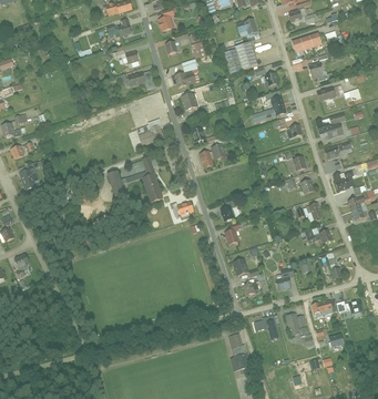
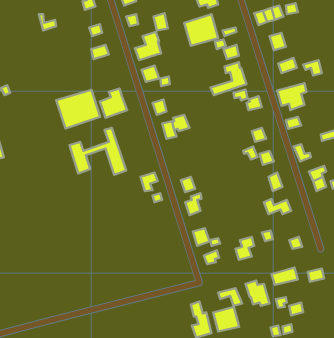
building: none -> [56,90,100,128]
building: none -> [213,307,239,332]

